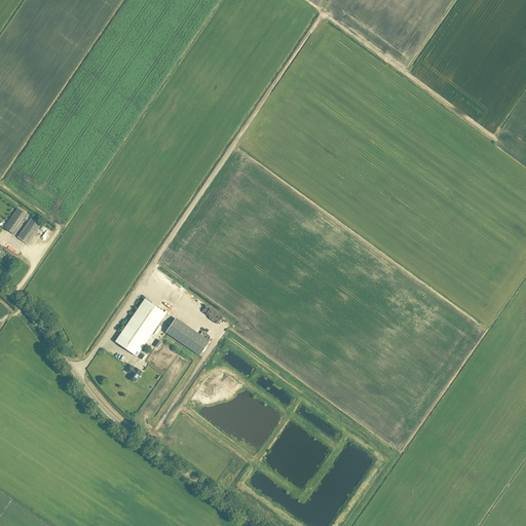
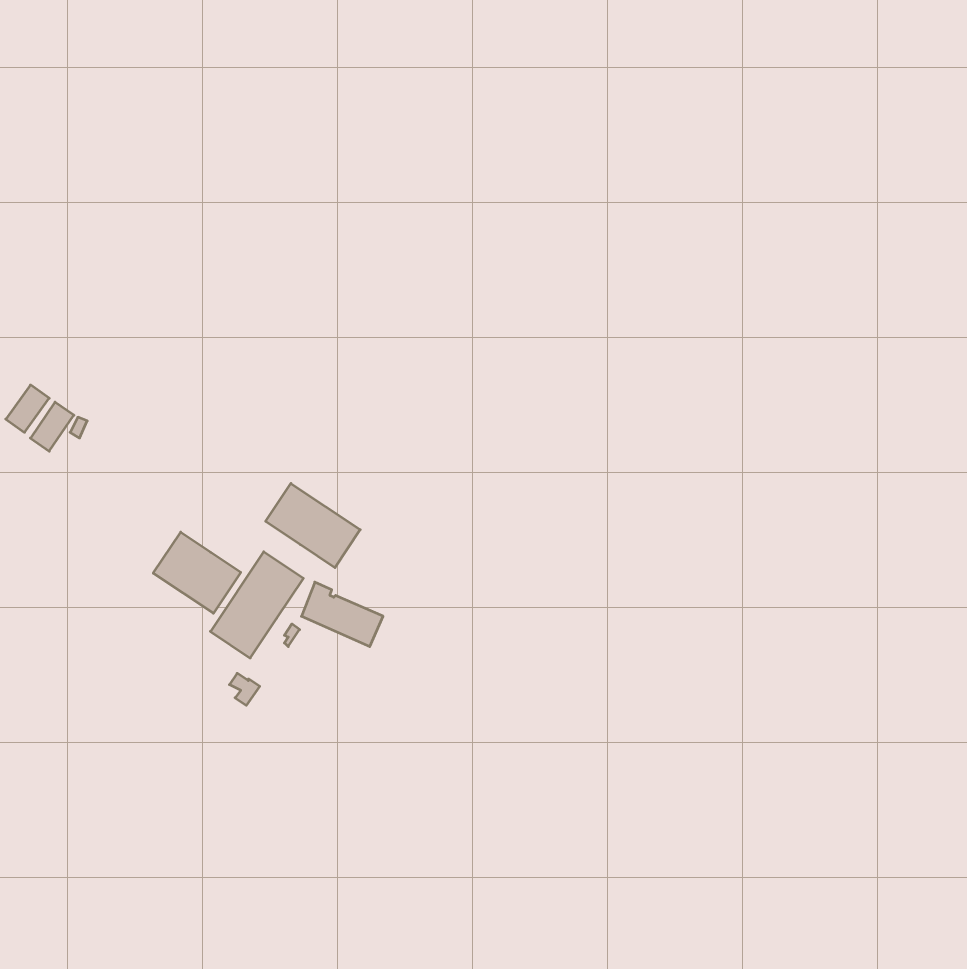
building: none -> [266,483,360,568]
building: none -> [153,532,241,613]

